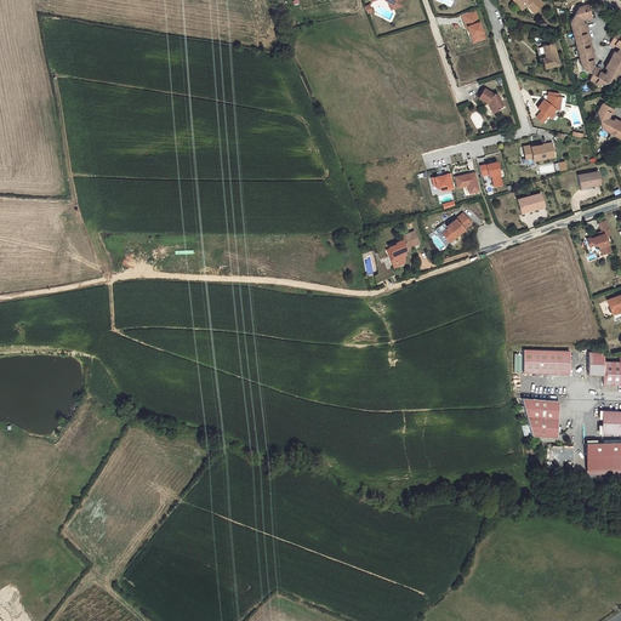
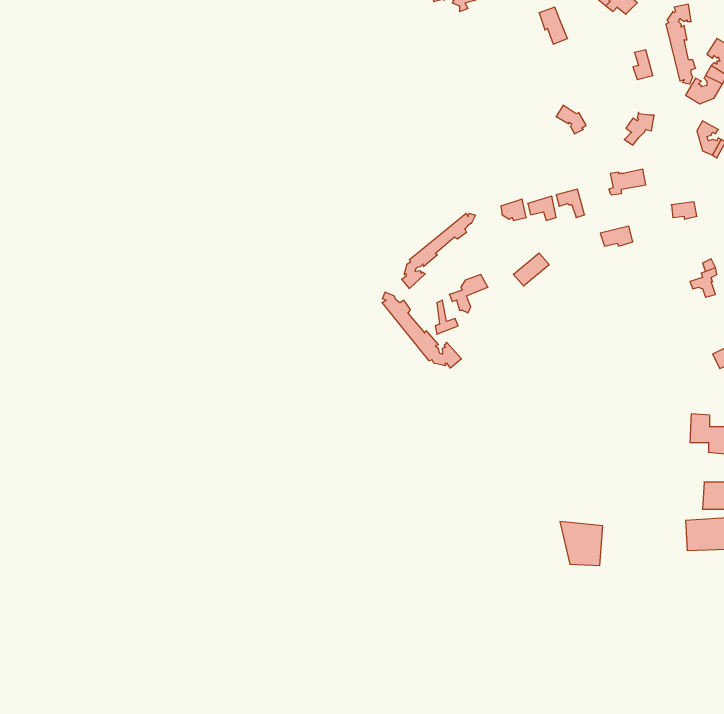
building: none -> [402,213,475,288]
building: none -> [382,292,462,368]
building: [528,352,574,376] -> none
building: [525,399,562,437] -> [560,522,603,566]

